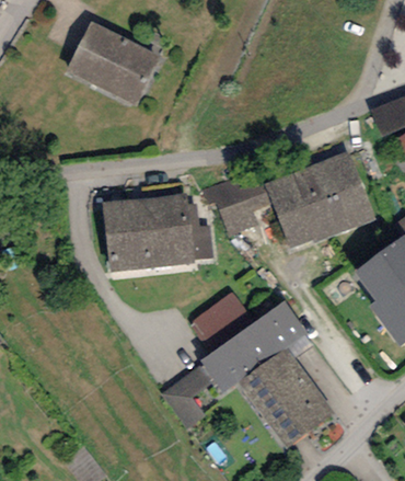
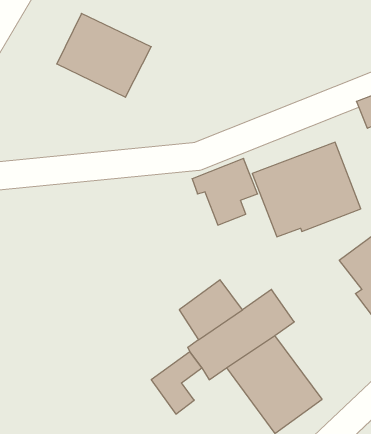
building: [101,193,212,272] -> none

